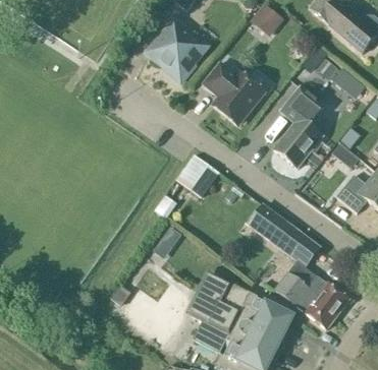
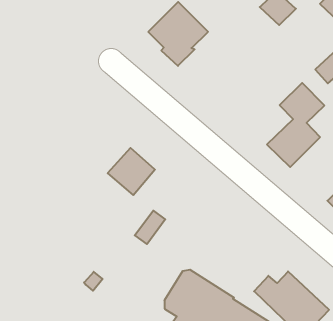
building: [203,61,264,123] -> none
building: [175,153,220,198] -> [108,148,155,195]
building: [249,203,320,265] -> none

